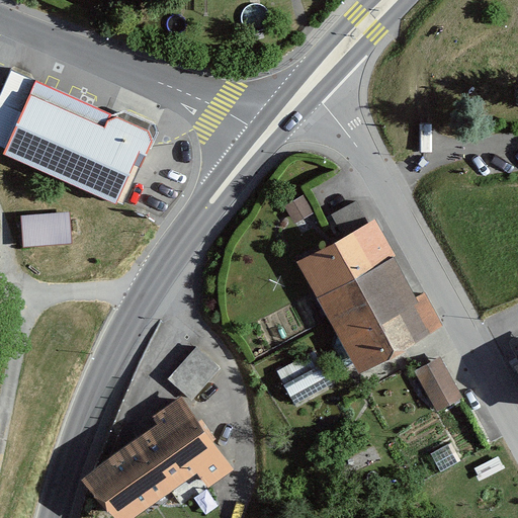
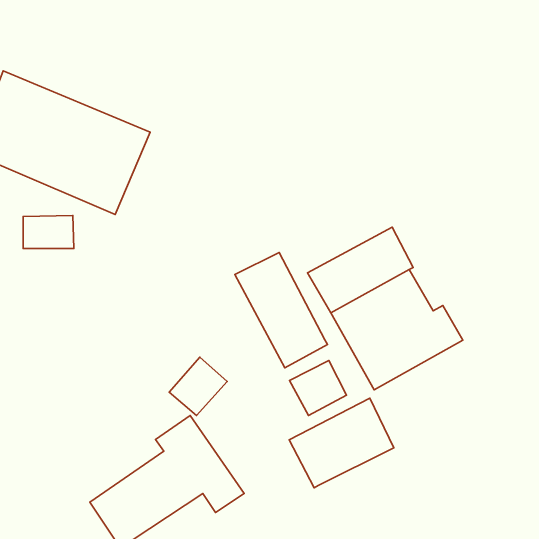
building: none -> [235,252,327,368]
building: [413,357,462,413] -> none
building: none -> [289,398,394,488]

